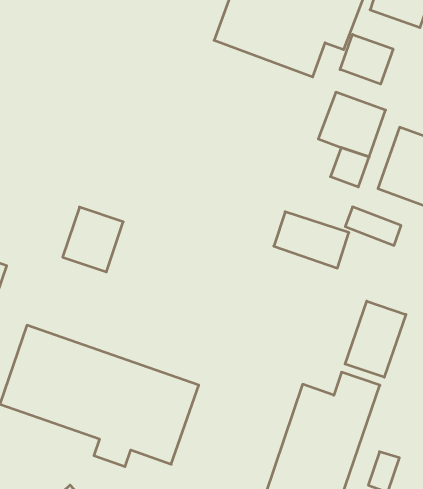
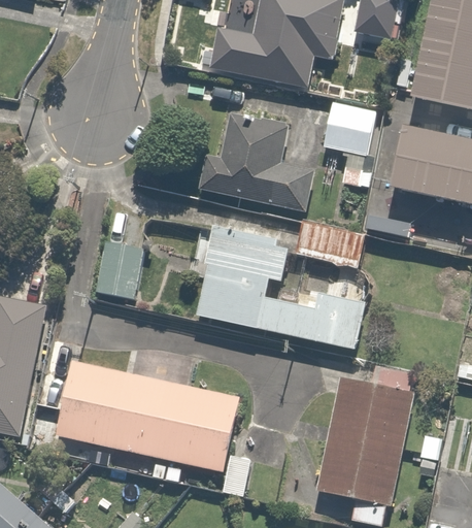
building: [340,34,393,84] -> none
building: none -> [196,113,317,211]
building: none -> [194,233,368,350]
building: [345,301,406,377] -> none

